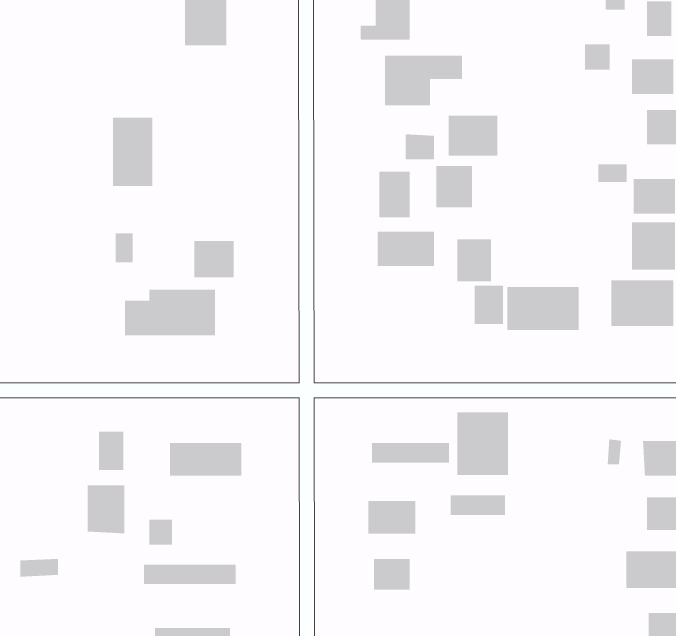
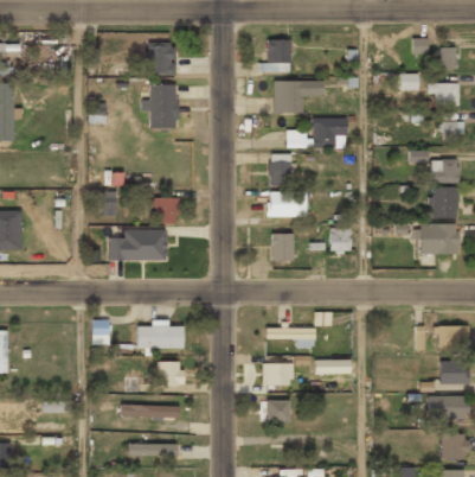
building: [112,117,153,186] -> [150,85,176,129]
building: [436,165,473,208] -> none
building: [456,239,492,282] -> [271,234,294,261]
building: [507,286,579,331] -> none
building: [457,411,508,476] -> none
building: [87,484,125,534] -> none
building: none -> [158,362,182,387]

